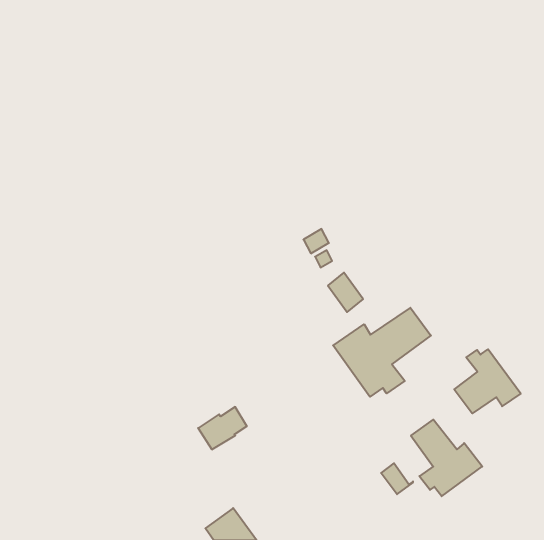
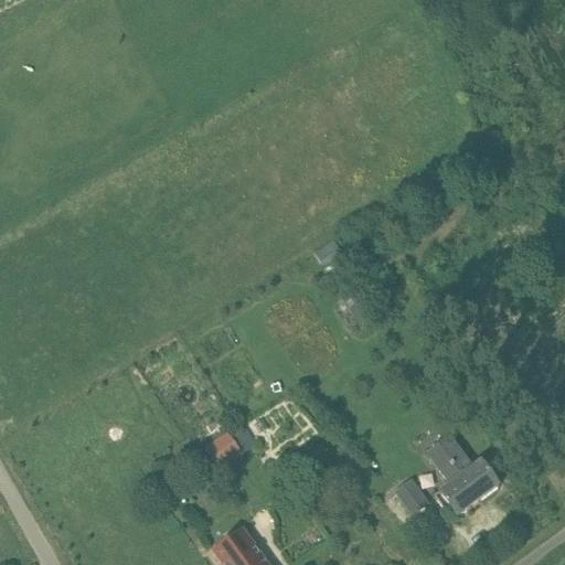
building: [333,308,431,397] -> none
building: [454,349,521,413] -> none

